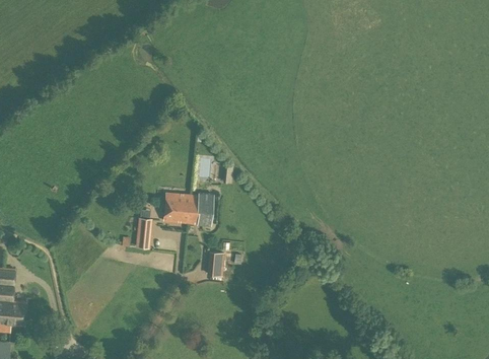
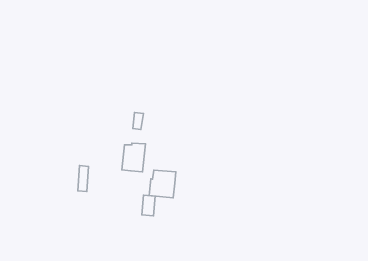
building: [163,193,190,223] -> none
building: none -> [149,170,176,198]

